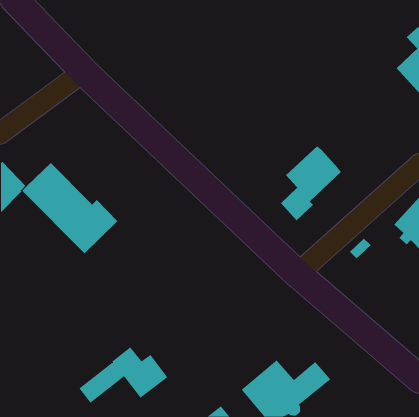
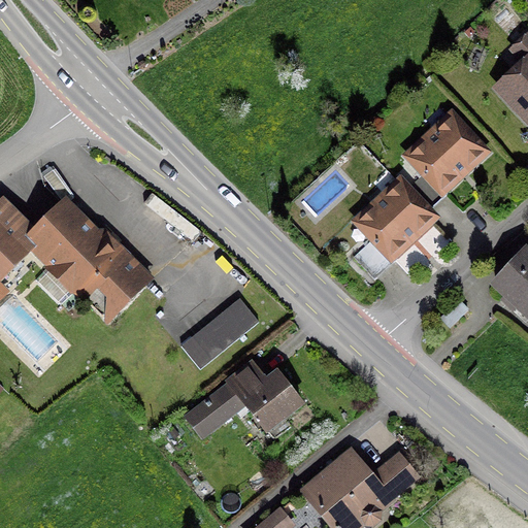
building: none -> [405,117,482,210]
building: none -> [180,296,258,367]
building: [79,347,168,403] -> [187,363,299,434]

